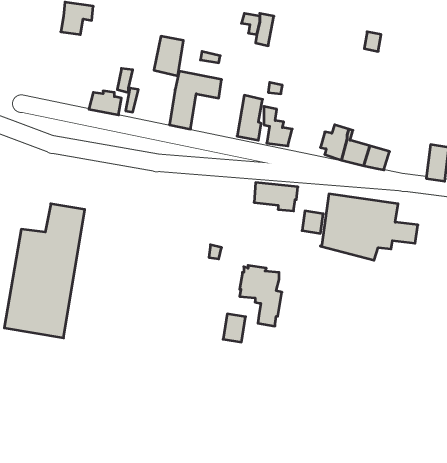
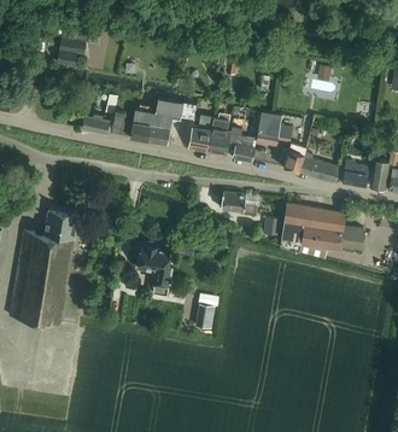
building: [154,36,183,76] -> [130,109,156,142]
building: none -> [256,111,292,146]
building: none -> [189,115,215,152]
building: none -> [339,159,370,187]
building: [240,265,282,326] -> [137,243,174,294]

